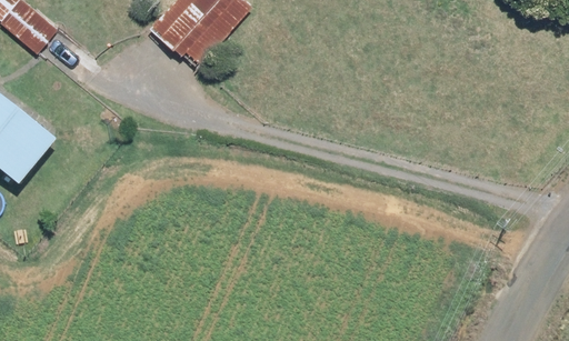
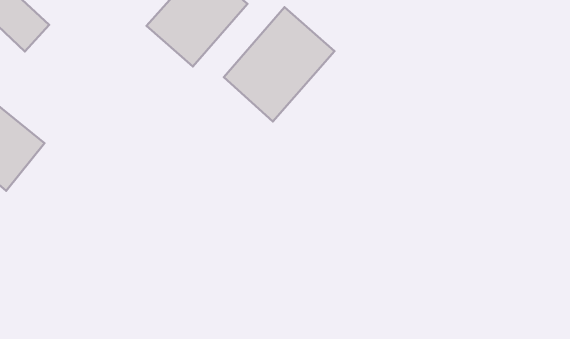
building: none -> [224,7,334,121]

